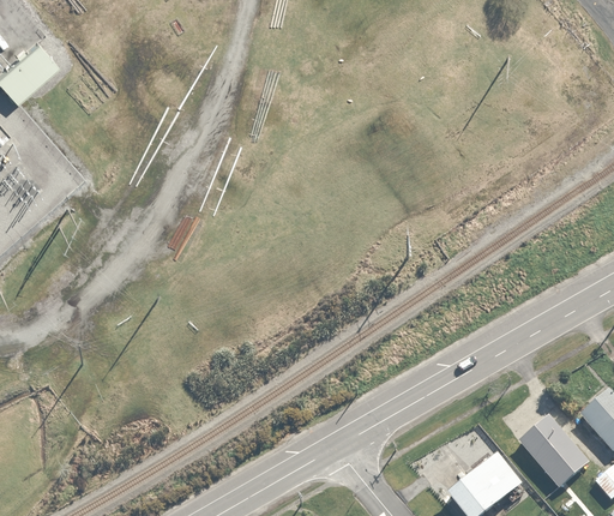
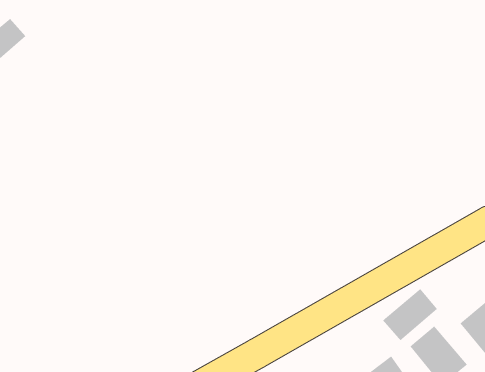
building: none -> [382,288,438,341]

